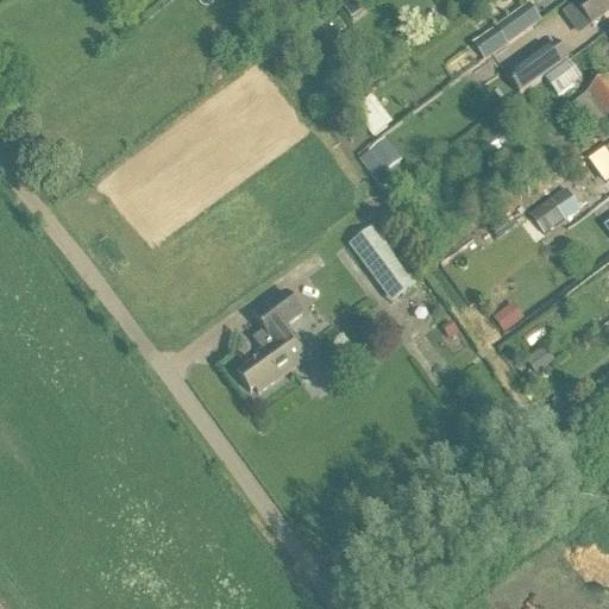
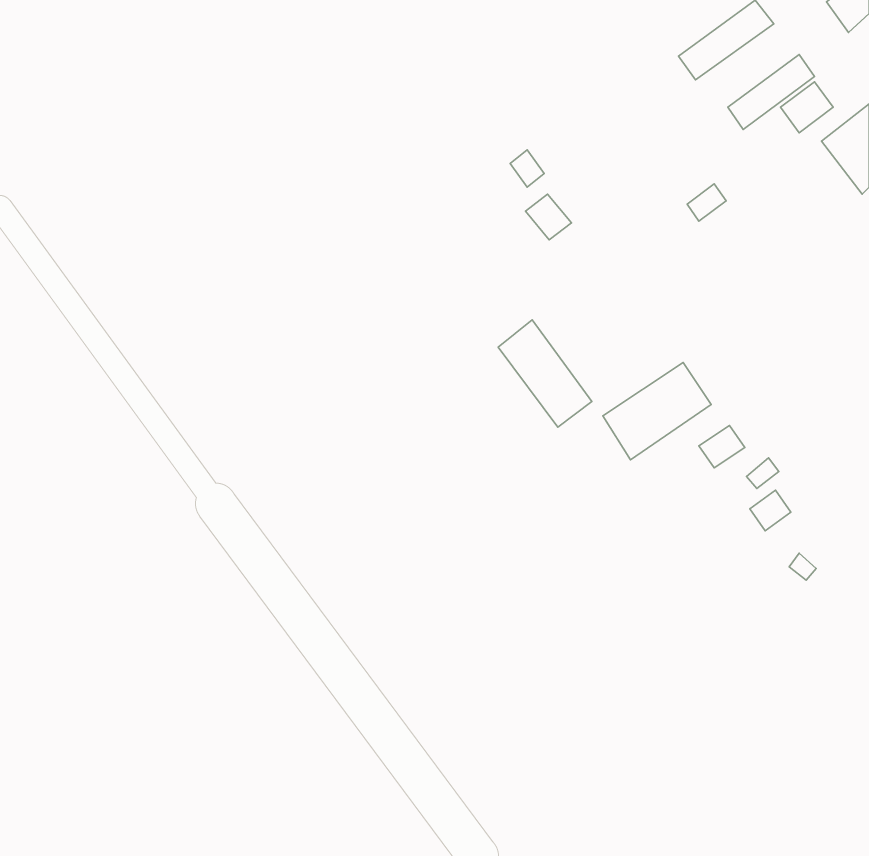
building: [530,196,570,237] -> none
building: none -> [603,362,711,460]
building: [237,288,308,390] -> none

